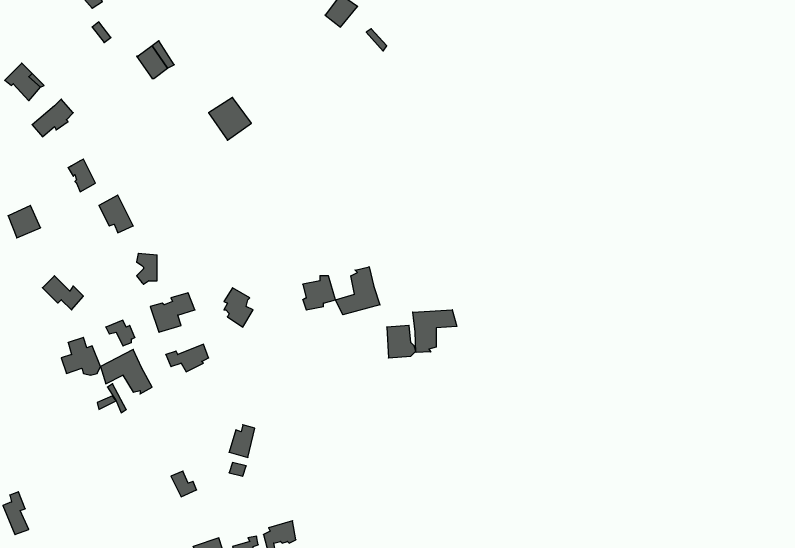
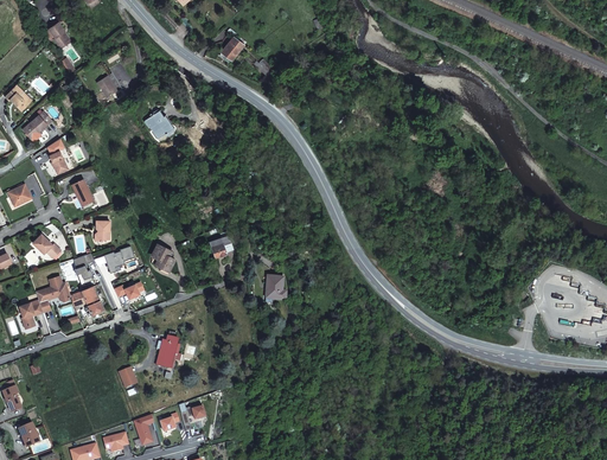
building: [335,267,380,315] -> none
building: [413,310,457,352] -> none
building: none -> [18,290,50,327]

